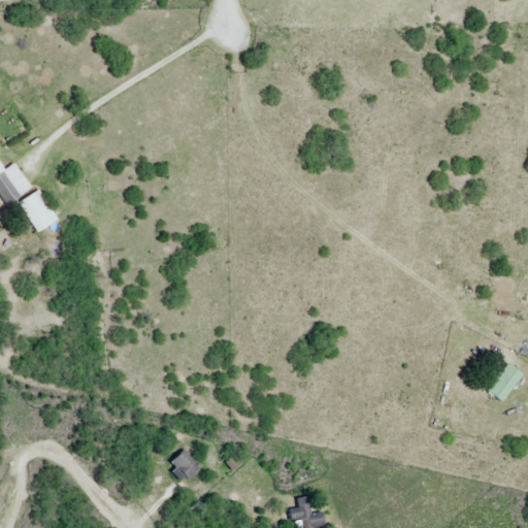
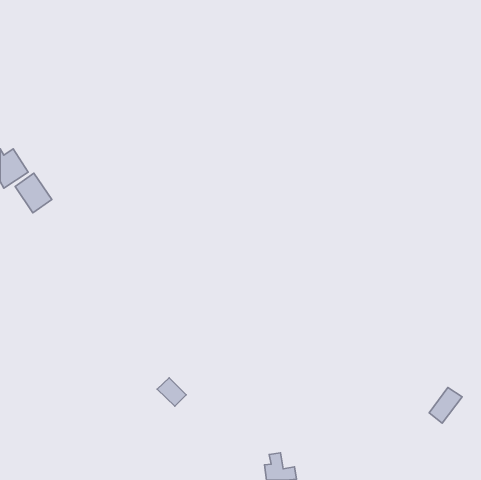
building: [487,363,523,402] -> [429,388,462,423]
building: [169,450,201,481] -> [157,378,186,406]

